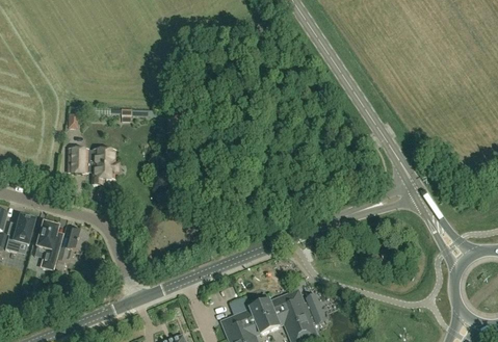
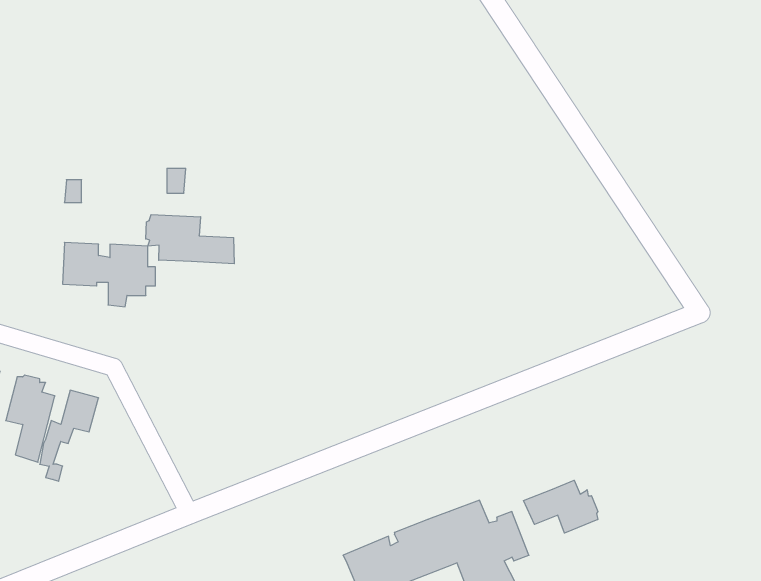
building: none -> [146,215,234,264]
building: none -> [523,480,598,533]

